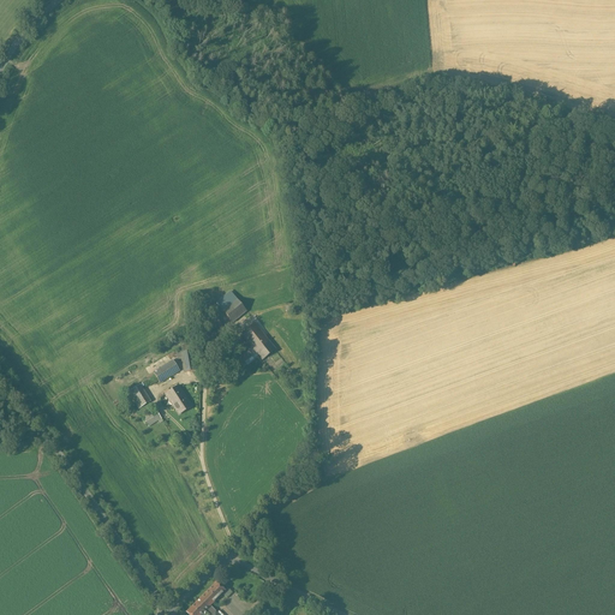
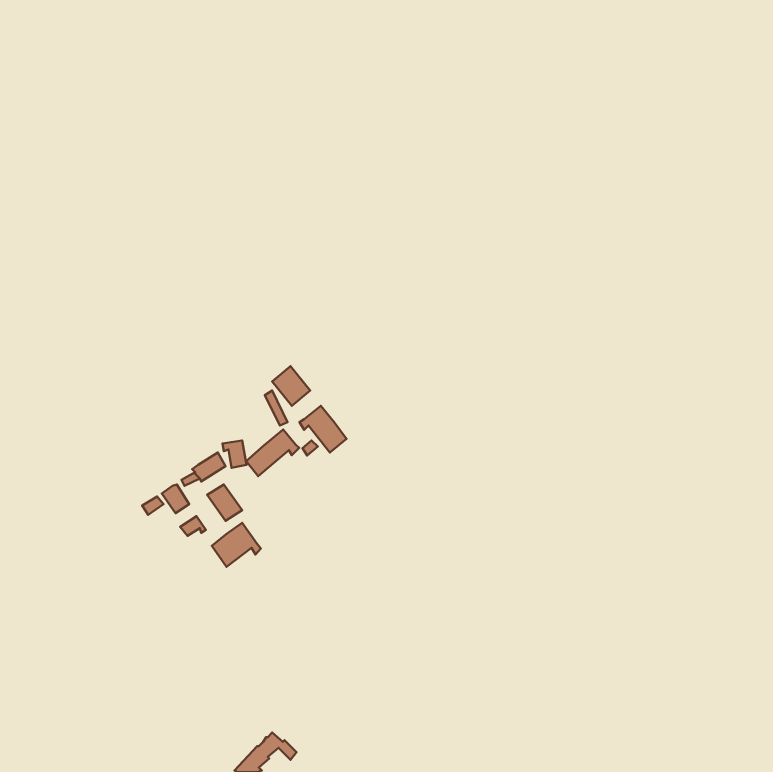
building: none -> [246,430,299,476]
building: none -> [212,523,261,567]

